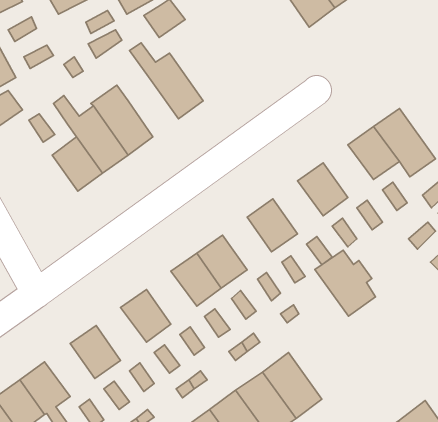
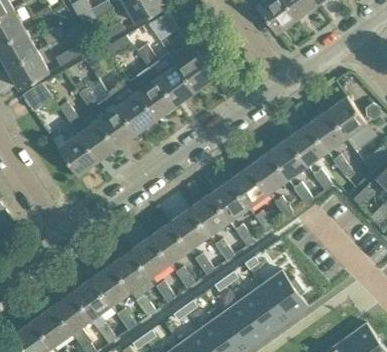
building: none -> [170,42,214,91]
building: none -> [136,77,175,119]
building: none -> [287,125,326,166]
building: none -> [57,133,97,175]
building: none -> [248,153,287,194]
building: none -> [209,181,247,222]
building: [315,250,376,316] -> [260,271,307,322]
building: none -> [150,223,189,264]
building: none -> [111,251,150,292]
building: none -> [71,279,110,320]

